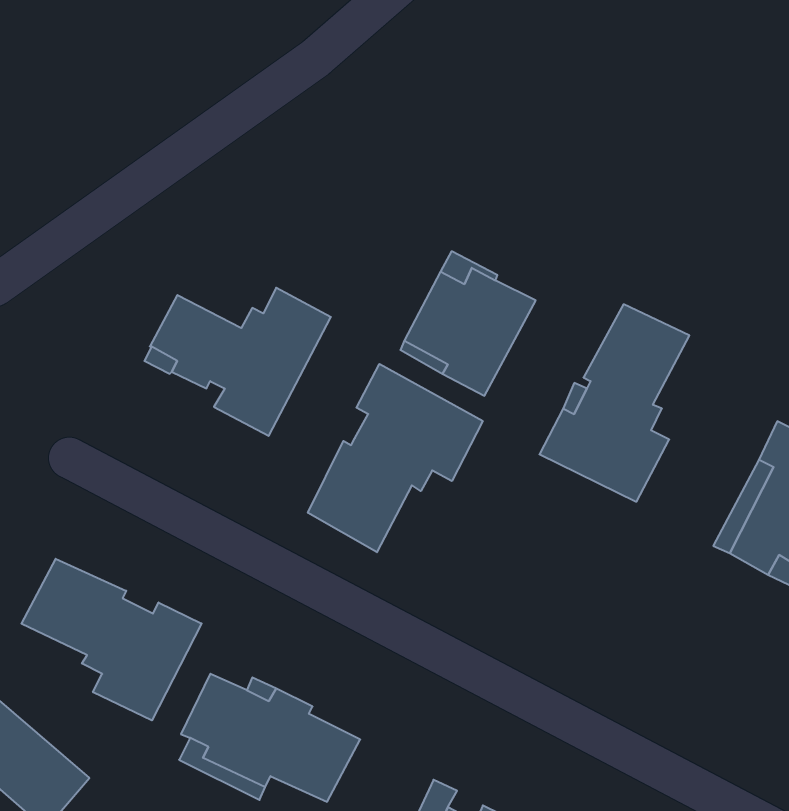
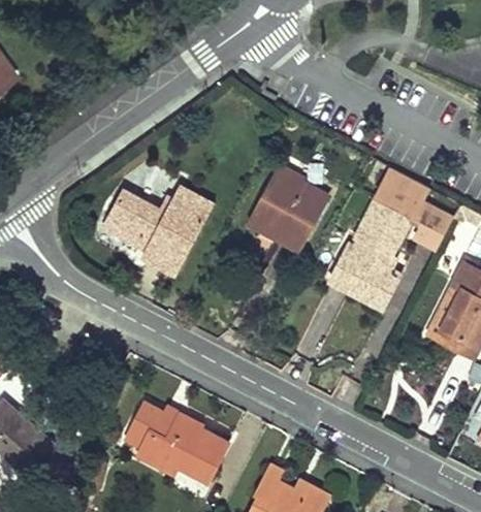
building: none -> [377,167,453,249]
building: [308,364,483,552] -> none
building: [21,559,202,720] -> none

